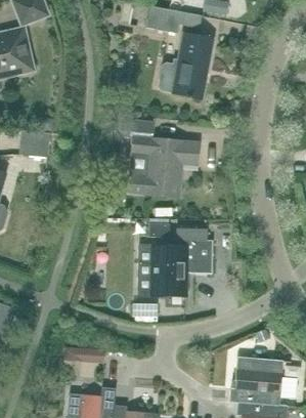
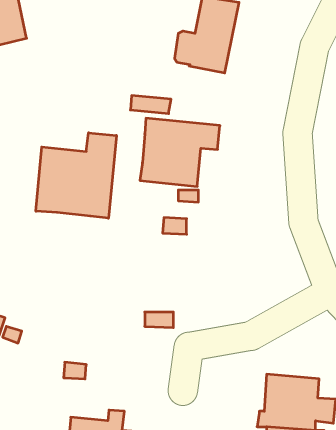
building: [19,130,51,157] -> none
building: none -> [36,133,116,218]
building: [151,227,213,292] -> none

